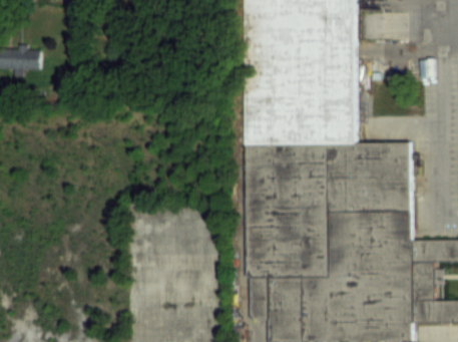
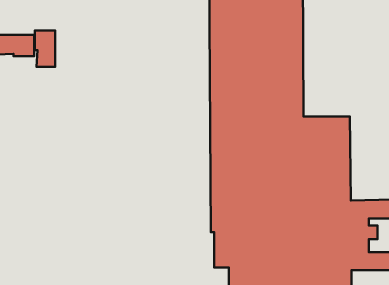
building: none -> [35,30,55,67]

